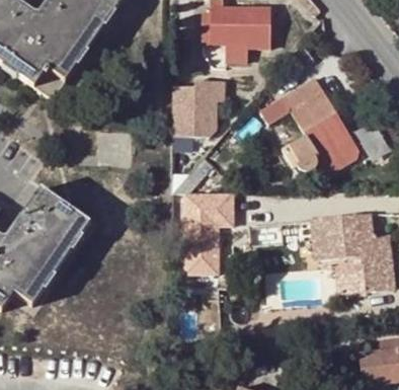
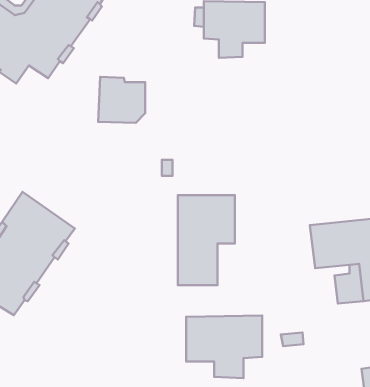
building: [259,75,357,173] -> none
building: [171,91,216,135] -> [98,77,145,123]
building: none -> [186,316,262,378]

